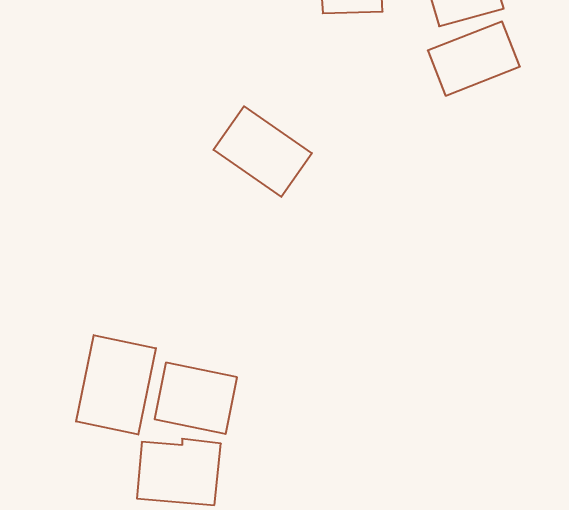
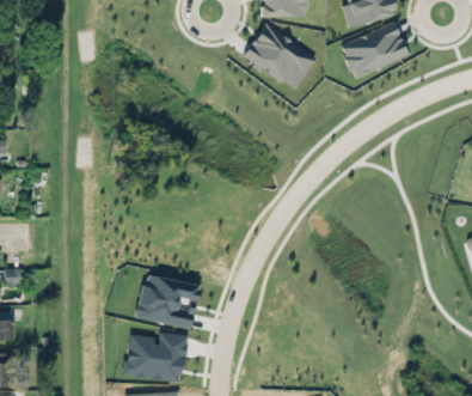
building: [213,106,312,197] -> [244,24,317,91]
building: [76,335,156,435] -> none

